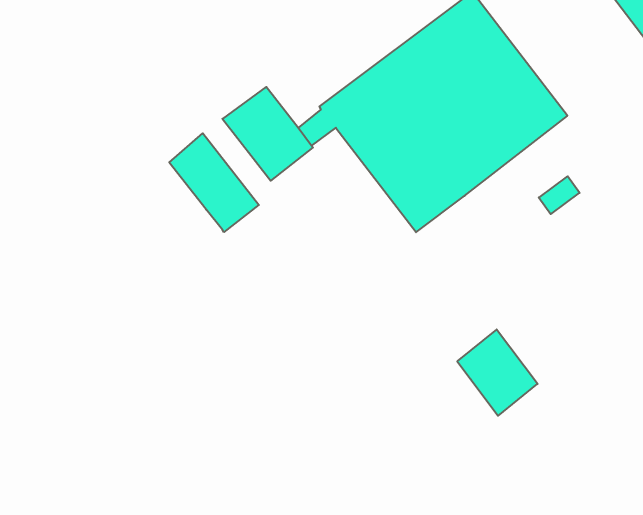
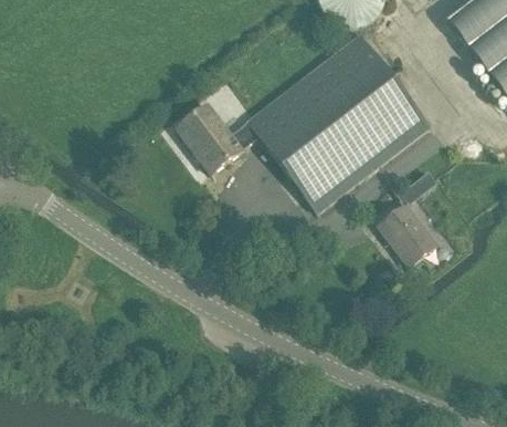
building: [169,133,259,232] -> none
building: [457,329,538,416] -> [379,204,437,267]

